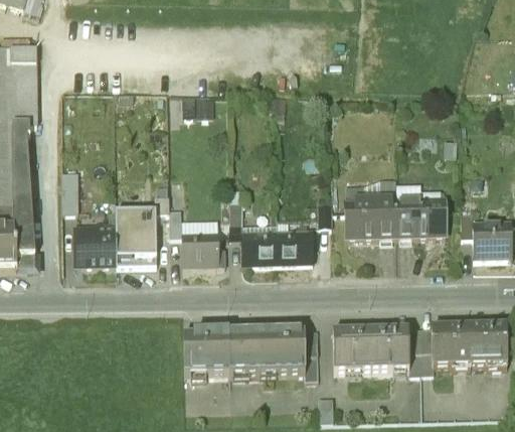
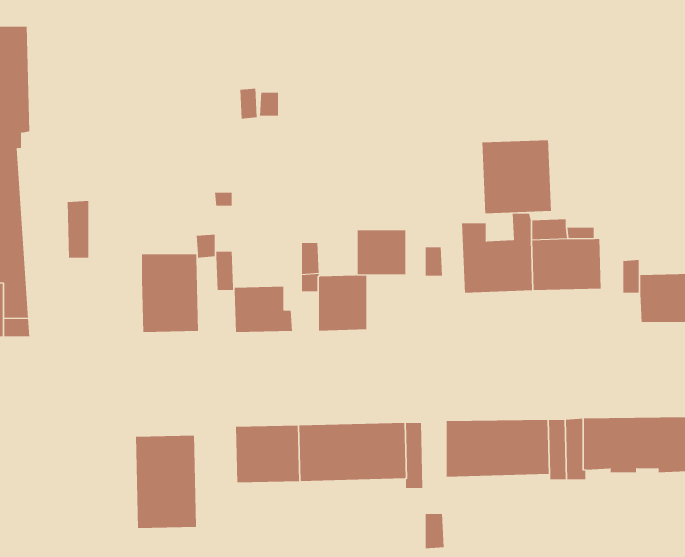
building: none -> [482,139,551,214]
building: [74,223,116,265] -> none
building: [277,231,312,263] -> [357,230,406,275]
building: none -> [135,435,197,529]

